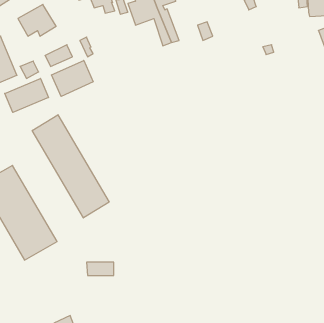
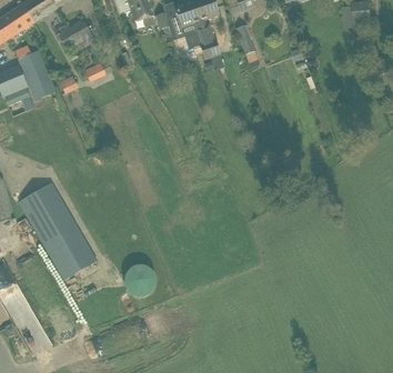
building: [51,60,93,96] -> none
building: [5,78,48,112] -> none
building: [32,115,109,218] -> none

